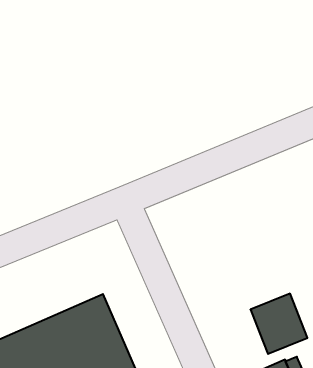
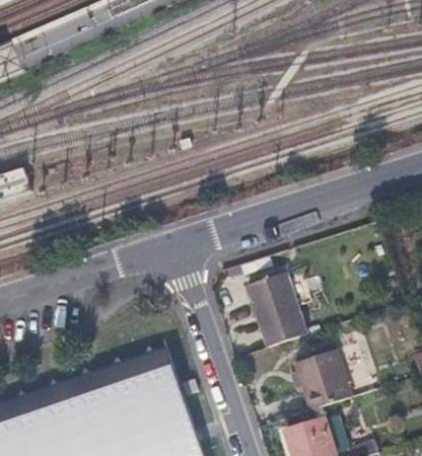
building: none -> [250,277,308,351]

